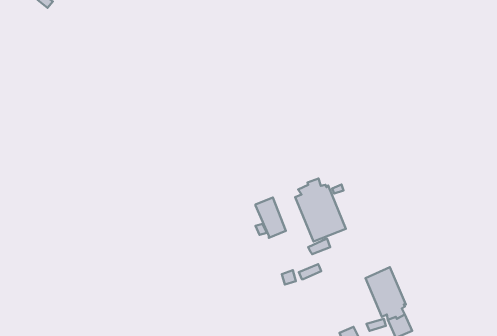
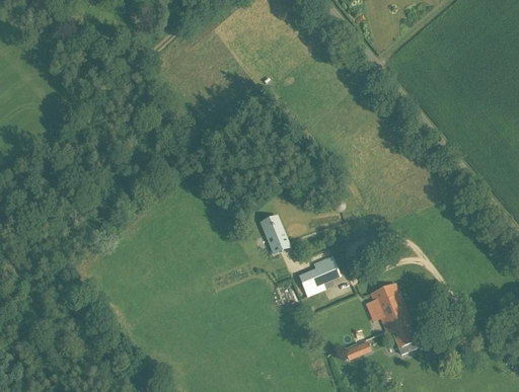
building: [295,179,346,241] -> none

